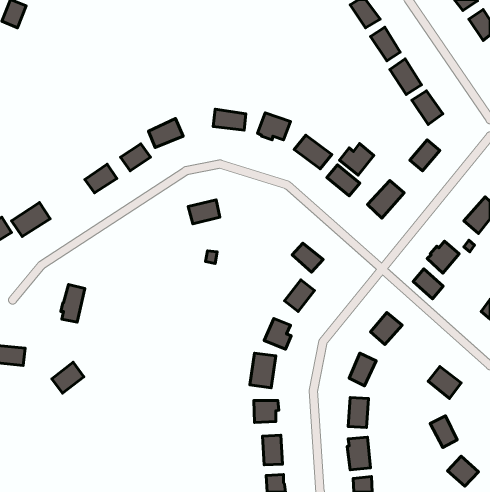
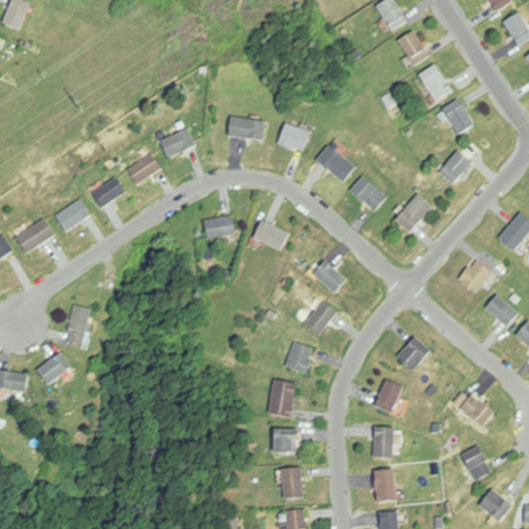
building: [340,144,374,175] -> none
building: none -> [55,198,89,229]
building: none -> [252,219,288,251]
building: [413,269,443,299] -> [486,293,518,325]
building: [52,362,84,393] -> [36,351,70,384]

